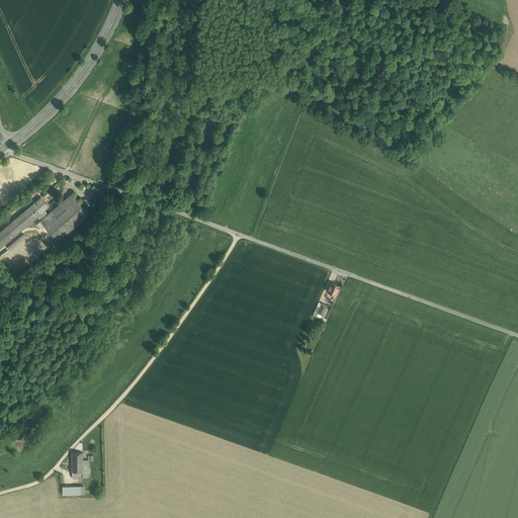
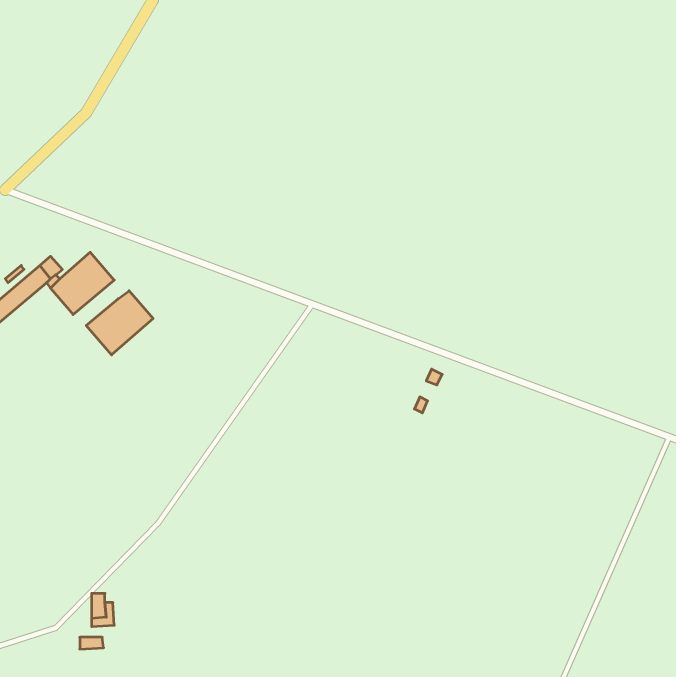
building: none -> [86,291,153,355]

